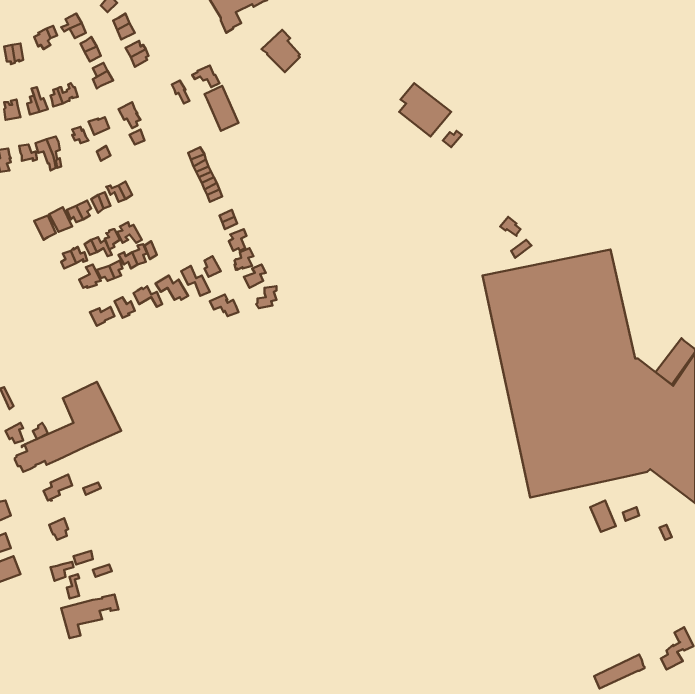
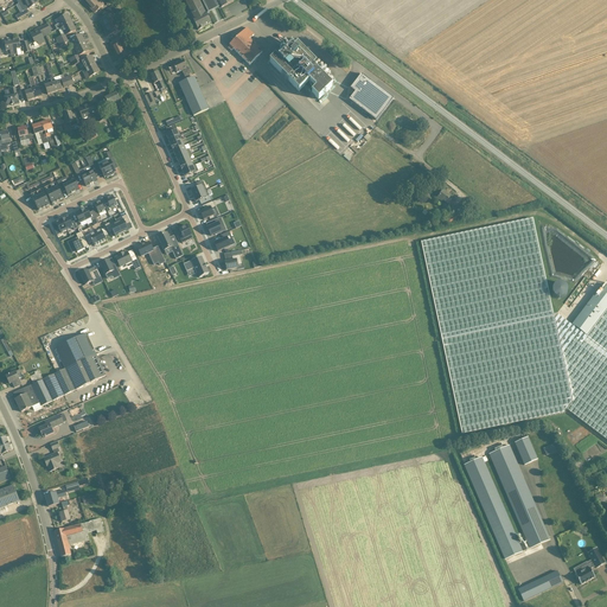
building: none -> [269,38,331,98]
building: none -> [462,441,549,557]

